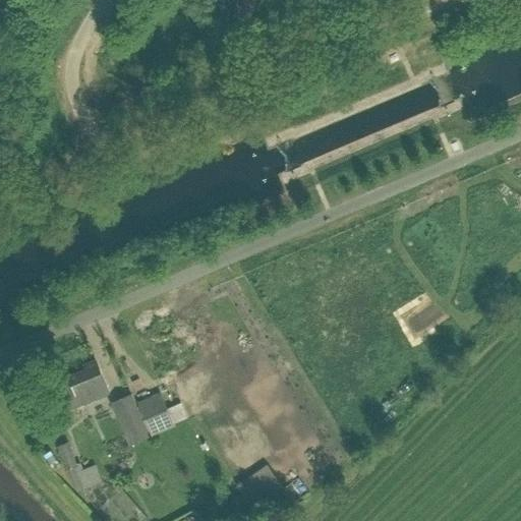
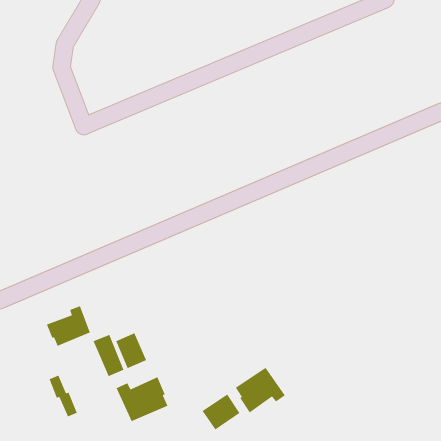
building: none -> [235,367,286,413]
building: none -> [116,376,168,422]

